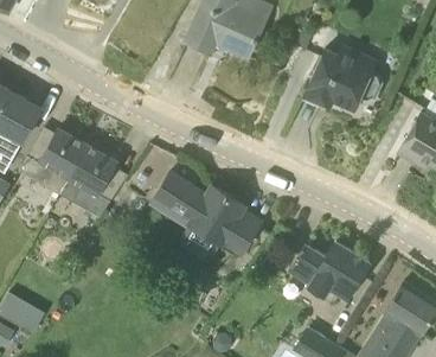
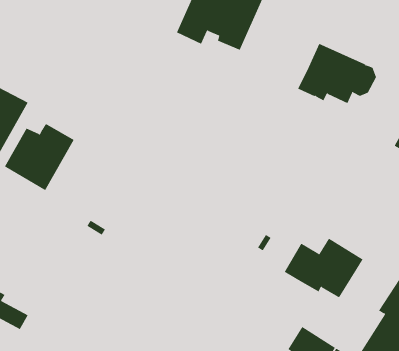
building: [58,146,128,218] -> none
building: [154,174,259,259] -> none

